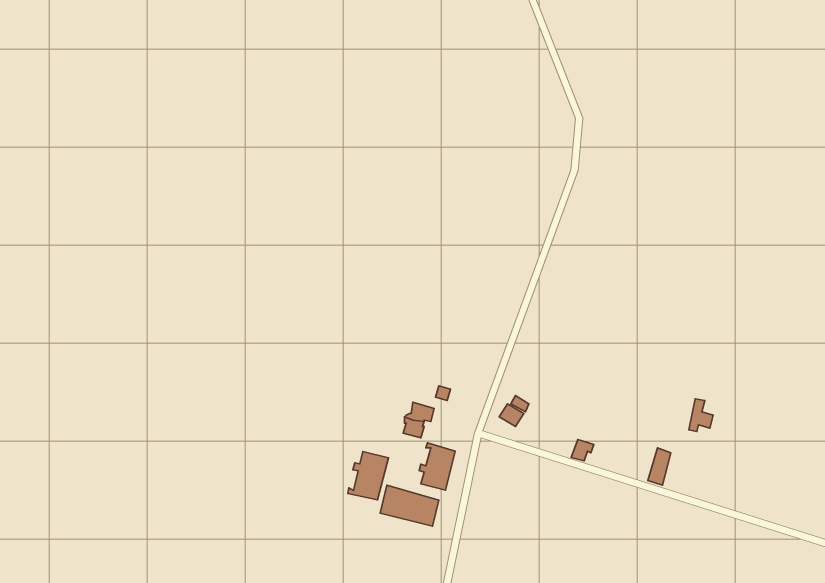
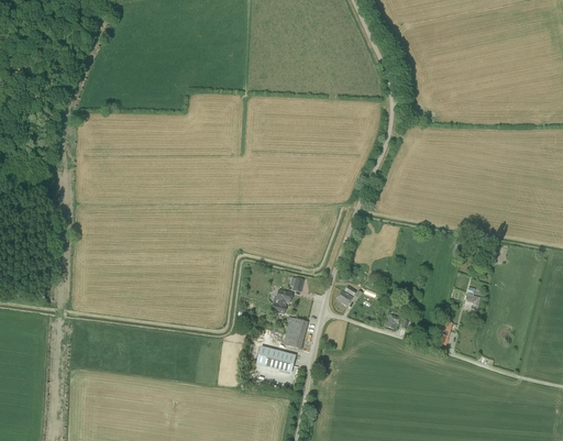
building: [348,451,389,500] -> none

